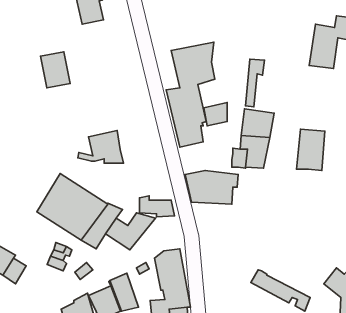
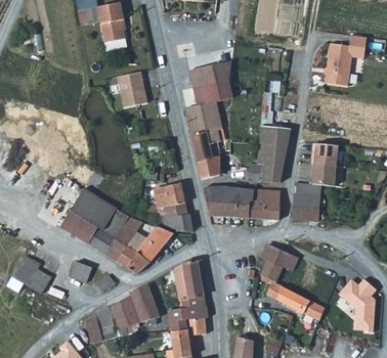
building: [41,52,70,88] -> [119,72,147,106]
building: [204,103,227,126] -> [198,158,220,180]
building: [78,130,123,163] -> [142,182,186,214]
building: none -> [292,182,324,221]
building: none -> [248,189,280,220]
building: none -> [261,244,298,282]
building: none -> [117,247,149,273]

